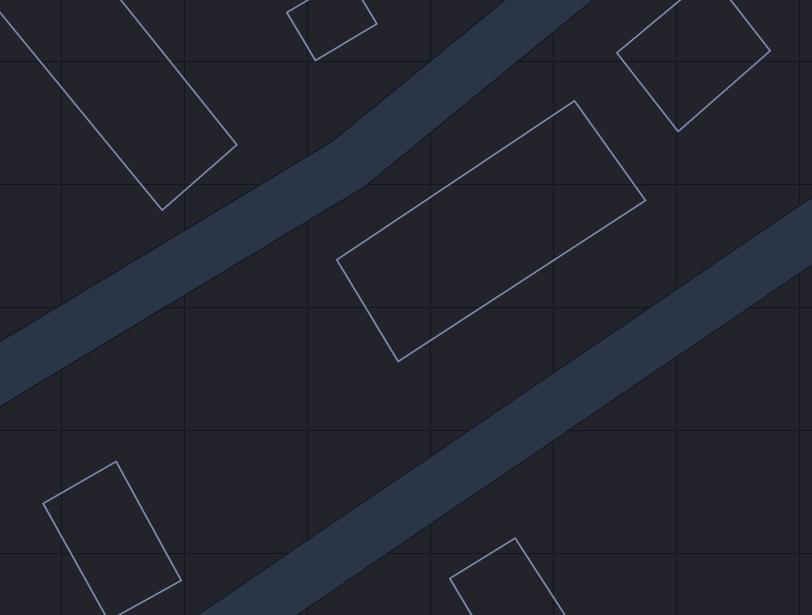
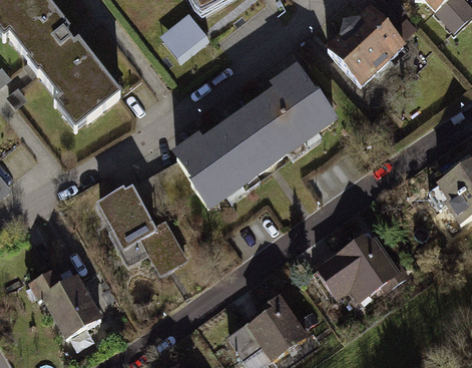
building: none -> [93,181,184,273]
building: none -> [306,231,394,313]

